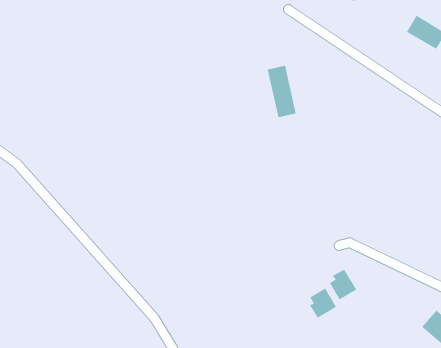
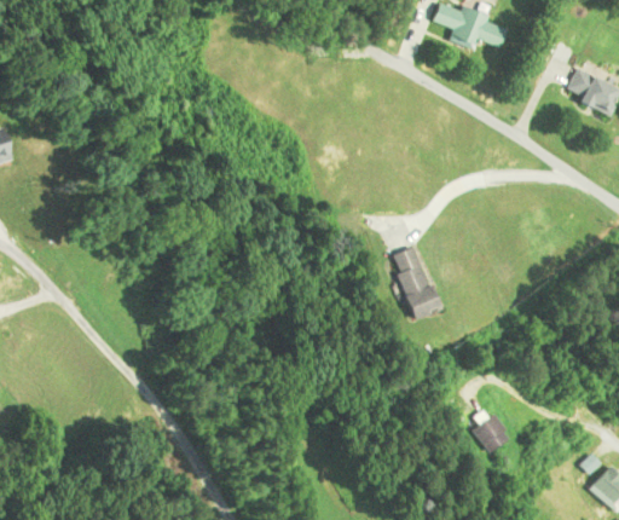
building: [267,65,296,118] -> [394,245,434,317]
building: [309,287,337,319] -> none

